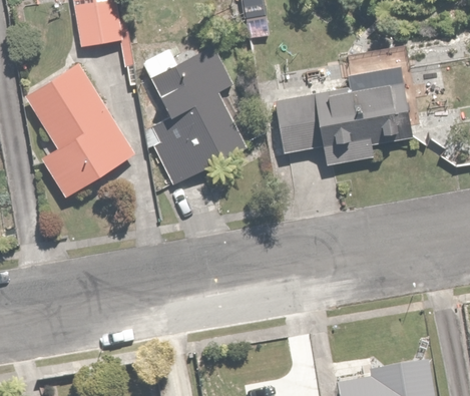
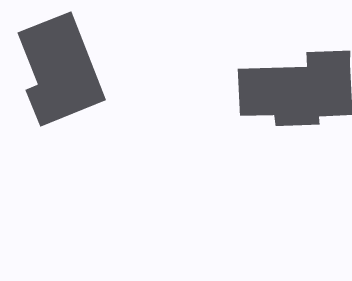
building: [140,44,242,188] -> none

